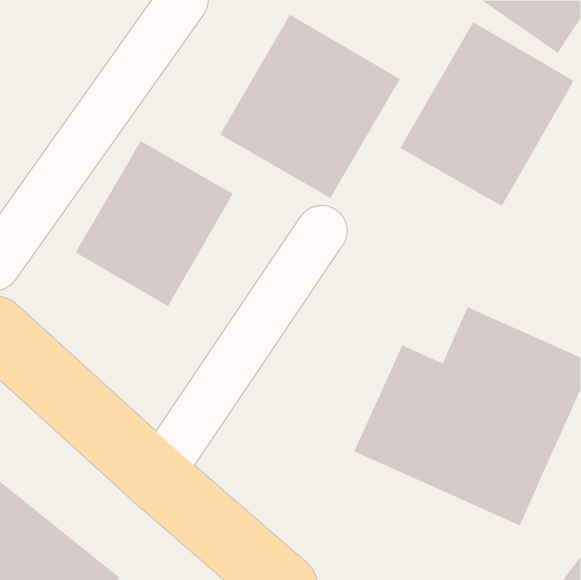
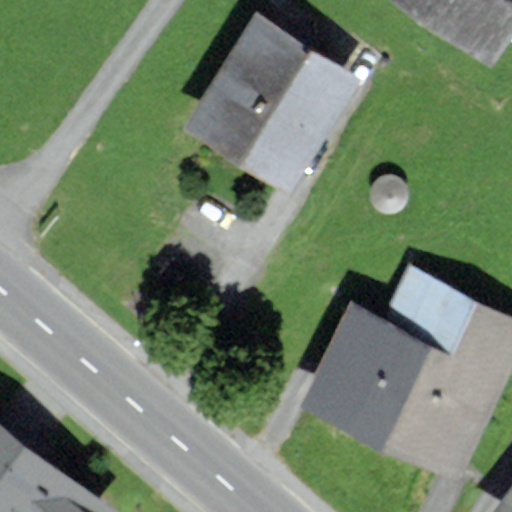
building: [400,21,575,207] -> none
building: [75,140,234,307] -> none

